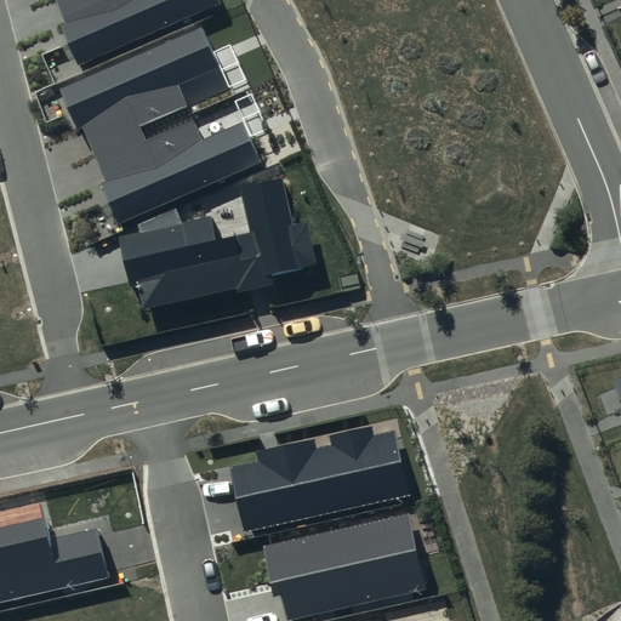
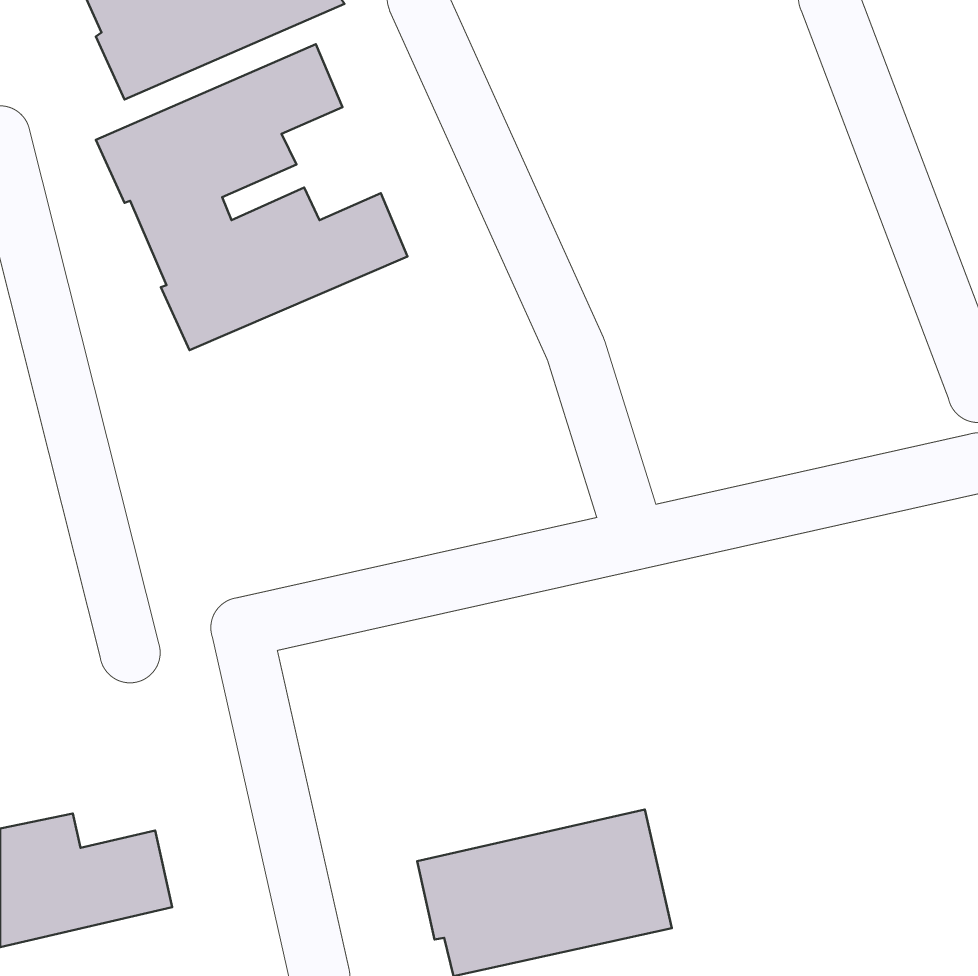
building: [118,176,315,306] -> none
building: [230,425,412,531] -> none

